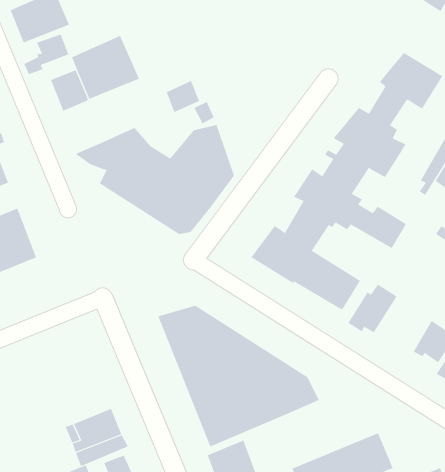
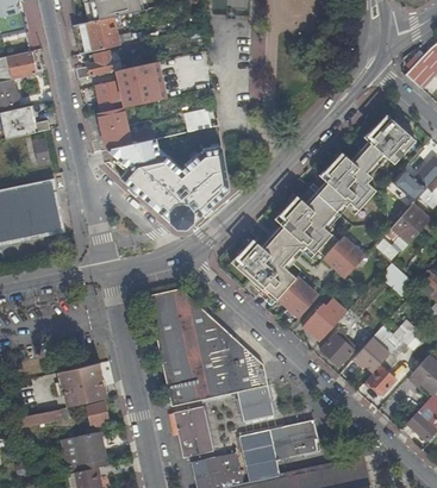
building: none -> [98,111,131,151]
building: none -> [319,333,354,367]
building: none -> [241,384,277,423]

